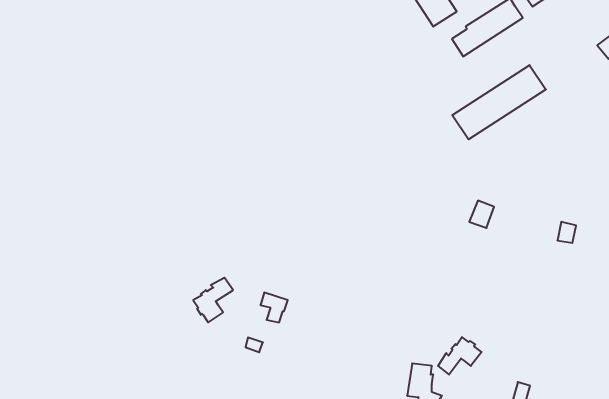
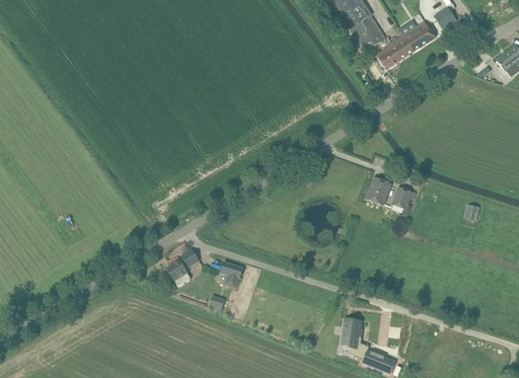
building: [452,65,546,139] -> none
building: none -> [366,176,390,204]
building: [438,337,482,375] -> none

